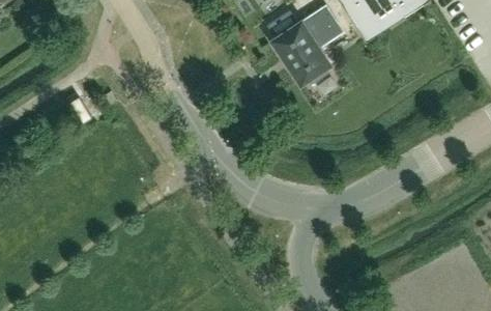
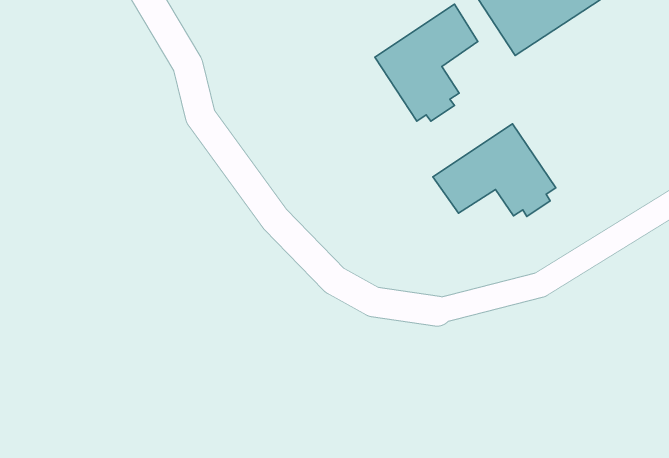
building: none -> [433,124,556,216]

